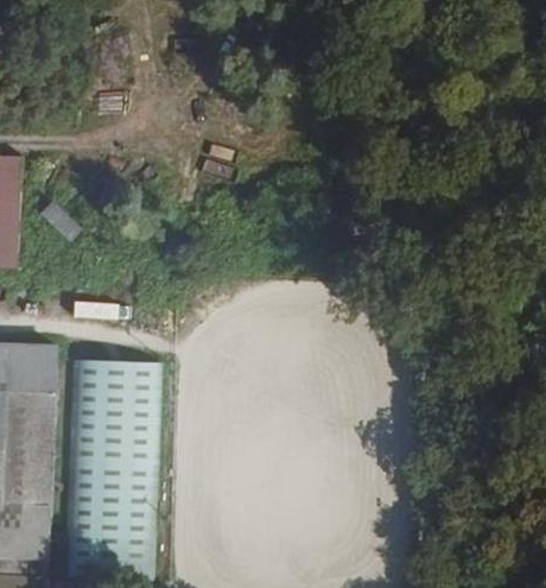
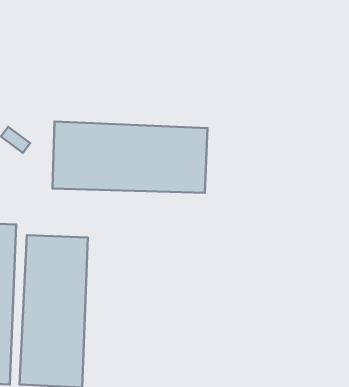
building: none -> [53,122,207,193]

